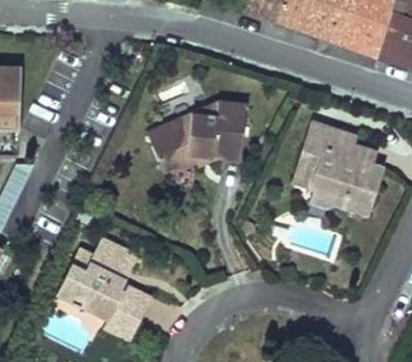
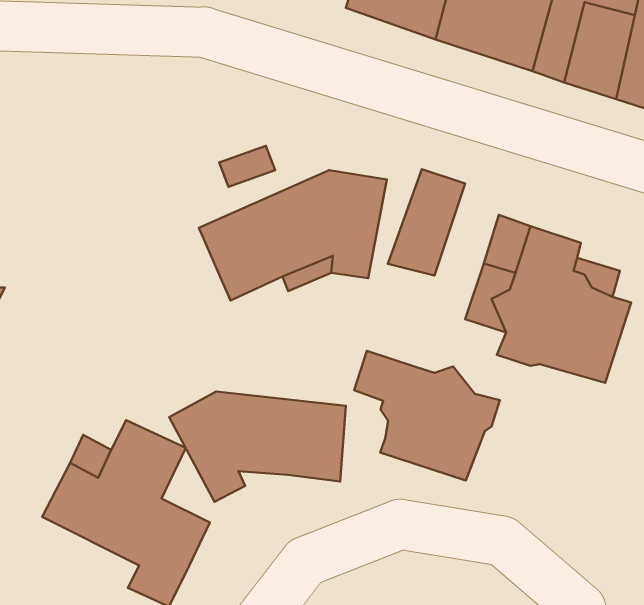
building: none -> [388,169,465,275]
building: none -> [354,351,500,480]
building: none -> [169,392,346,502]

